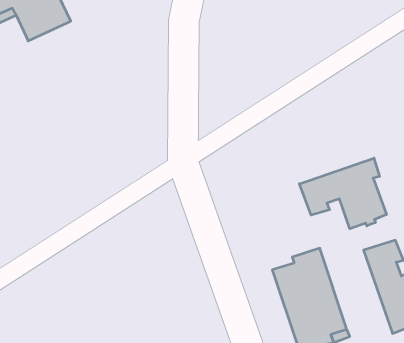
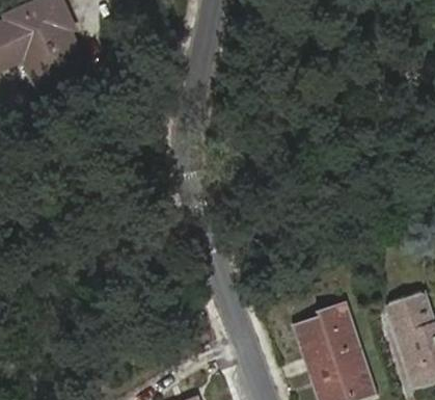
building: [299,158,386,229] -> none

